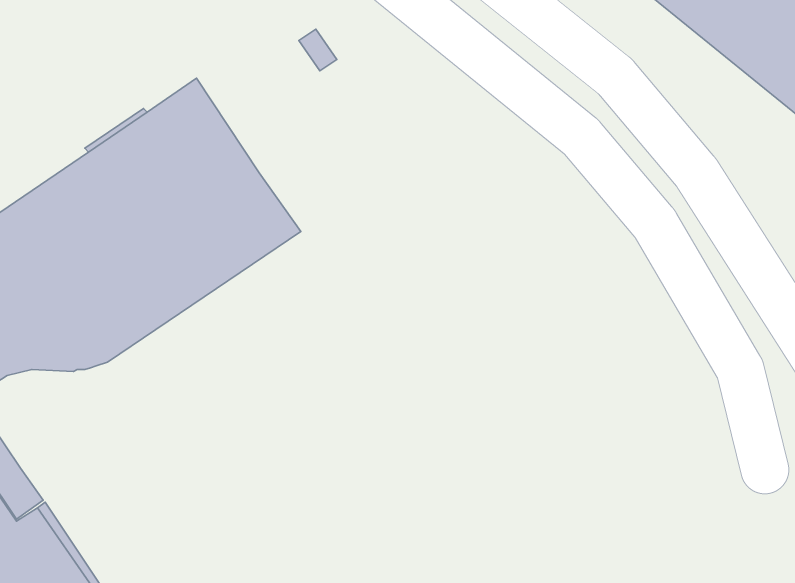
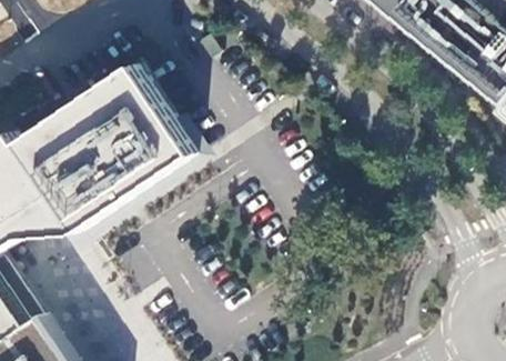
building: none -> [52,112,201,250]

